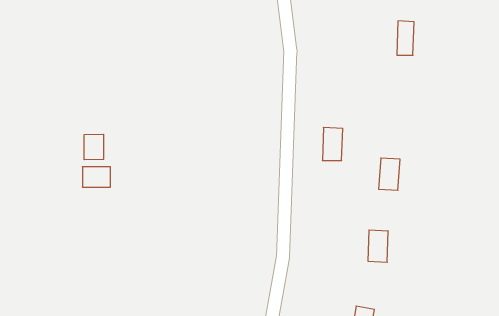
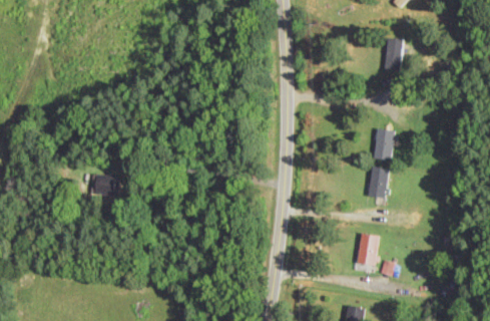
building: [322,127,343,161] -> [375,128,394,159]
building: [84,134,104,160] -> none

